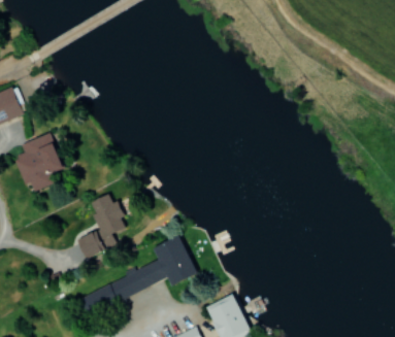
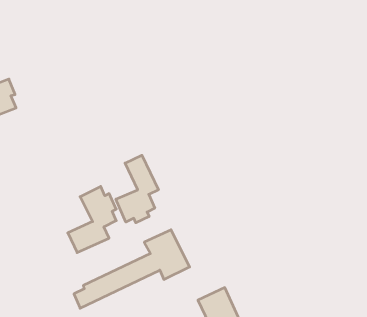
building: [12,133,62,191] -> none
building: none -> [116,155,158,223]

